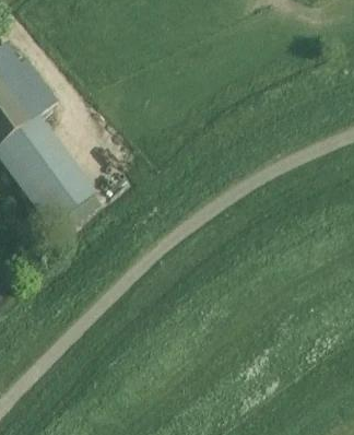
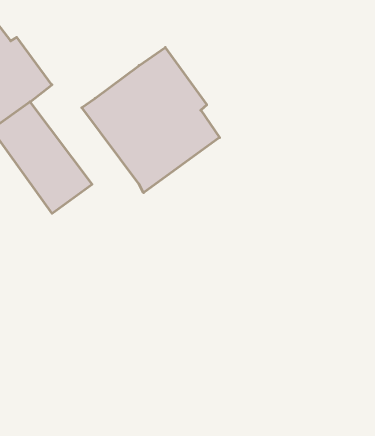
building: none -> [82,47,220,193]

